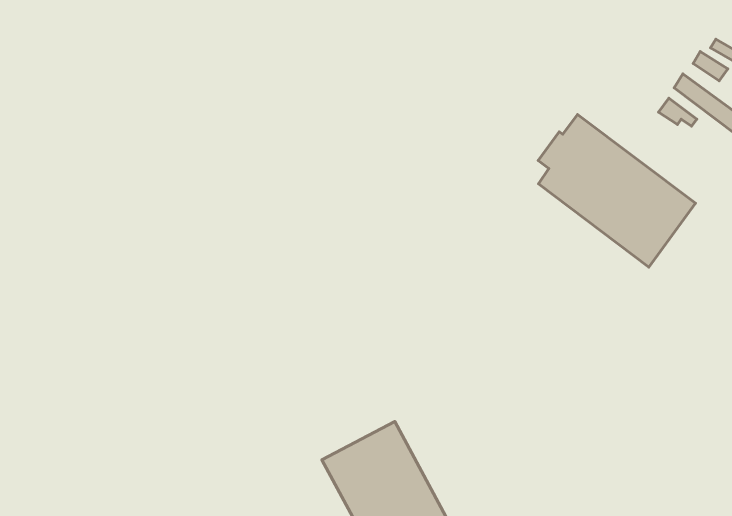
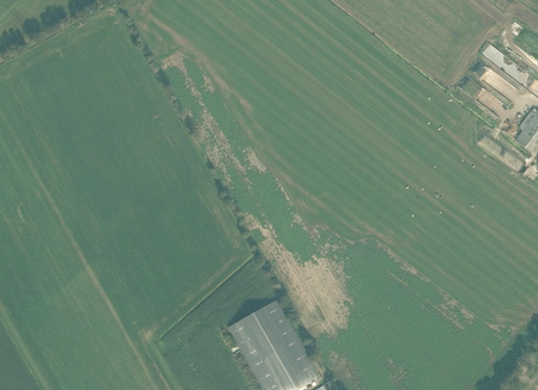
building: [538,115,696,267] -> none

